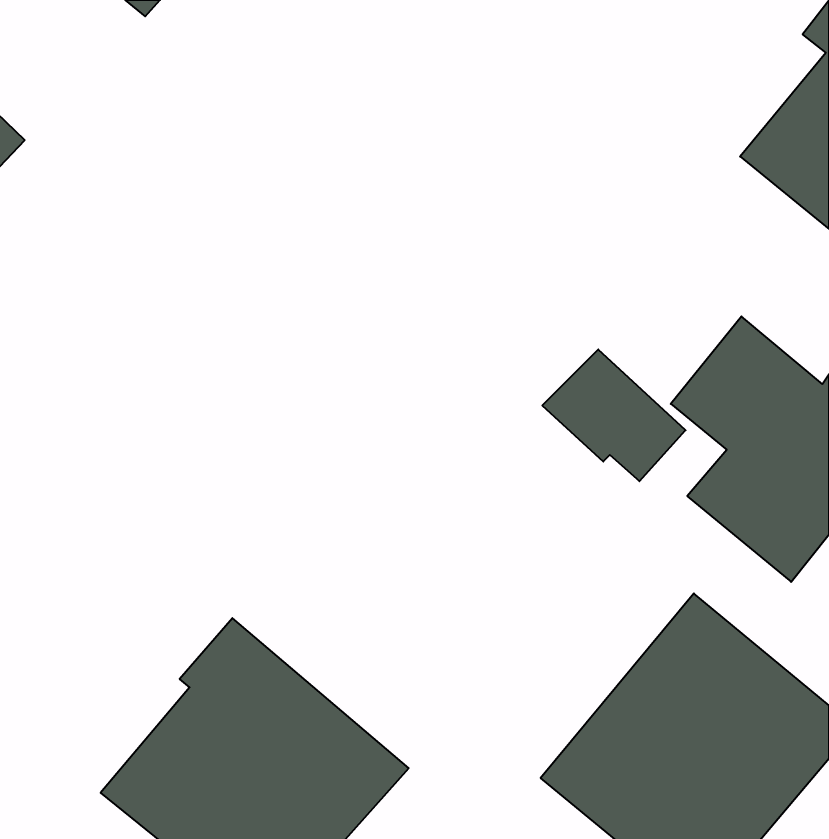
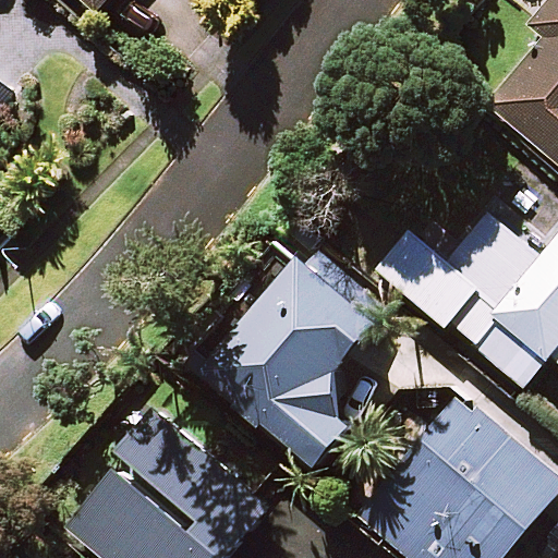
building: none -> [210,251,401,471]

